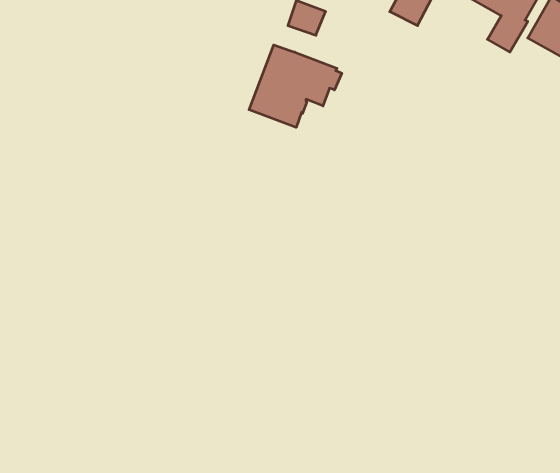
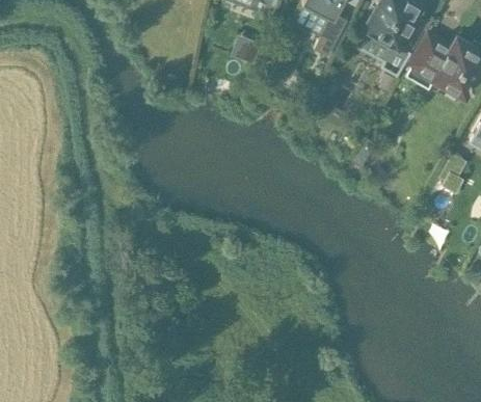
building: [249,45,342,127] -> none

